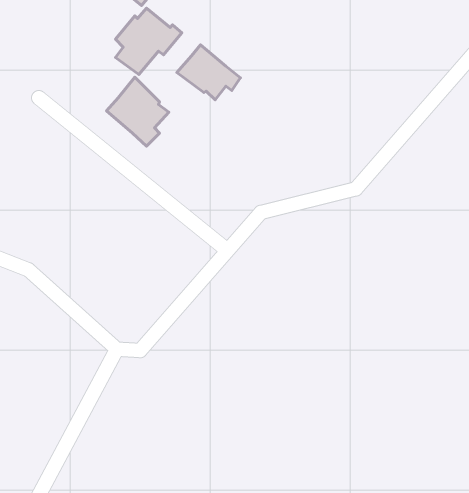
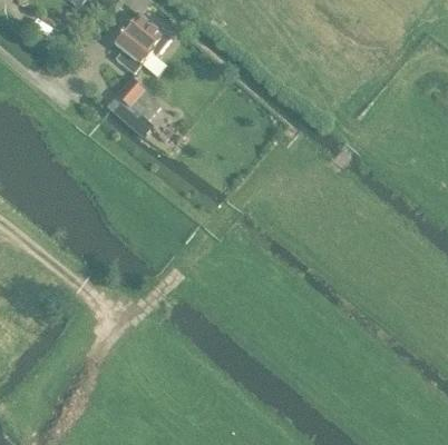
building: [177,45,240,100] -> none

